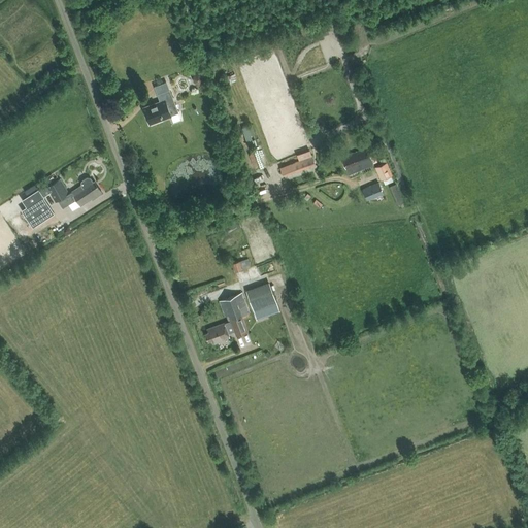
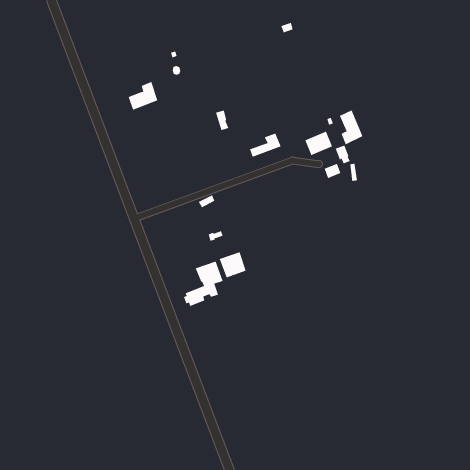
building: none -> [339,109,363,145]
building: [22,178,102,227] -> none

